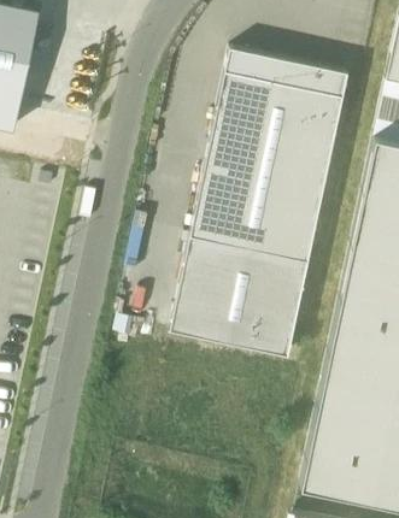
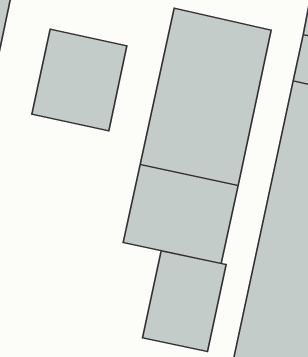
building: none -> [32,29,127,131]
building: none -> [142,251,226,351]

